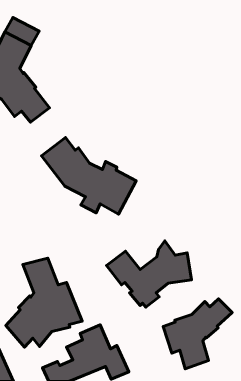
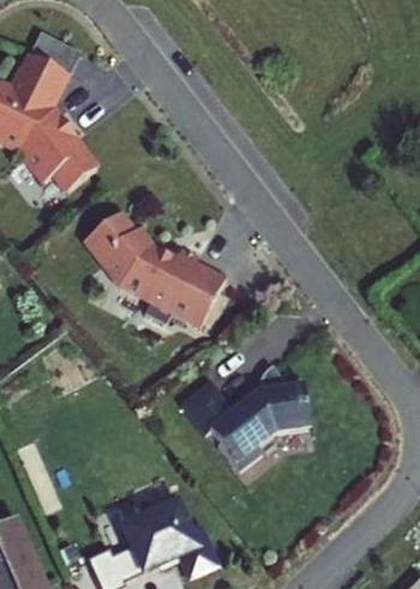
building: [6,258,82,347] -> none
building: [163,299,232,369] -> none

